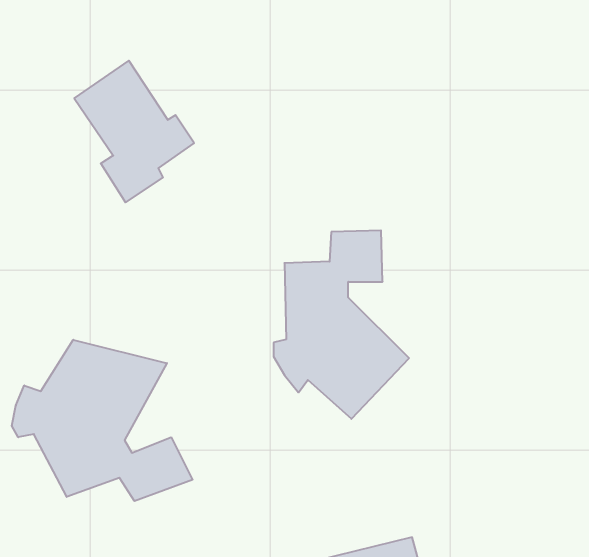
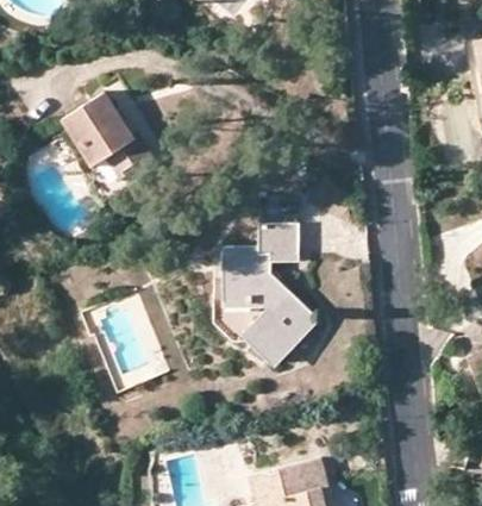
building: [12,340,193,501] -> none

